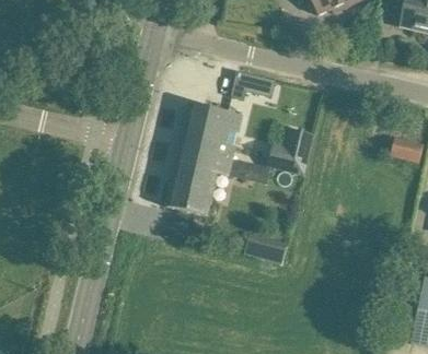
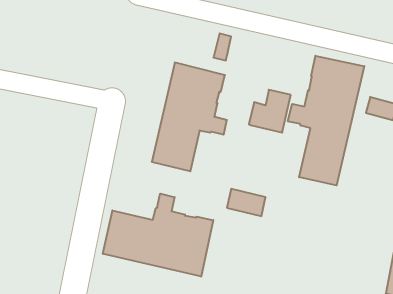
building: none -> [288,56,364,185]
building: none -> [103,194,213,277]

